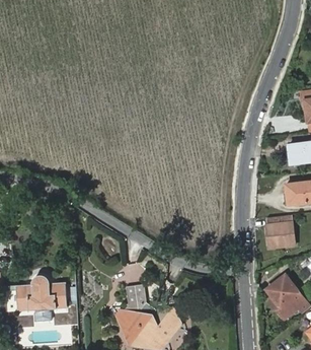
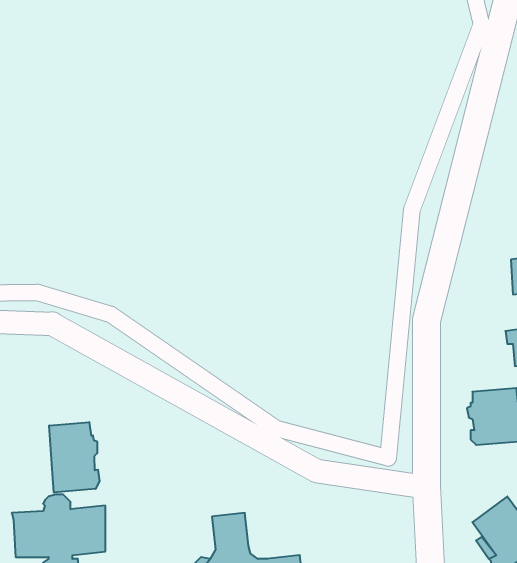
building: none -> [49,422,99,493]

